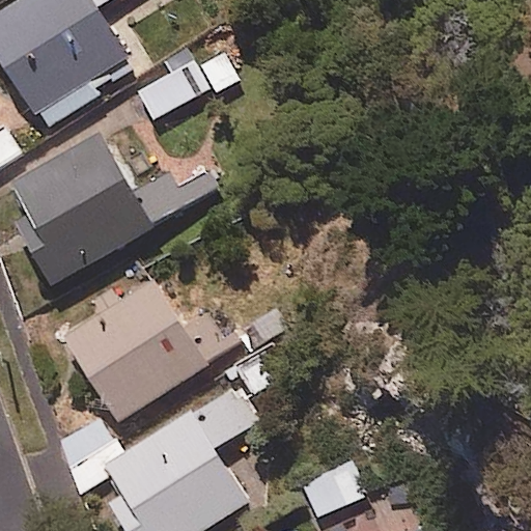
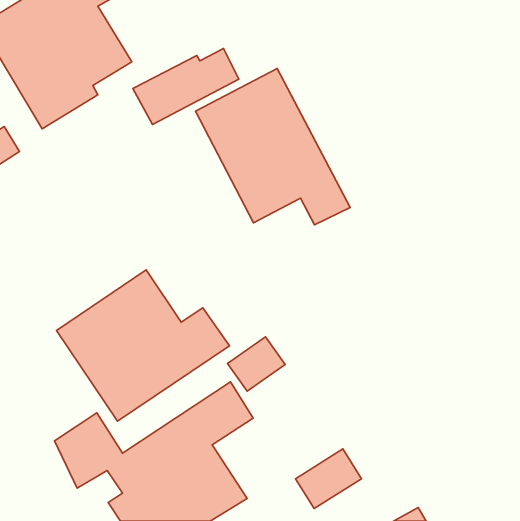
building: none -> [196,69,350,225]
building: [12,133,208,287] -> none

